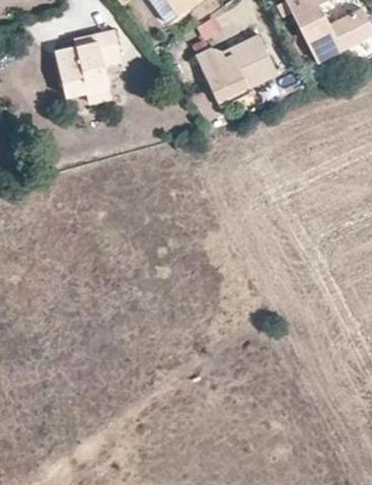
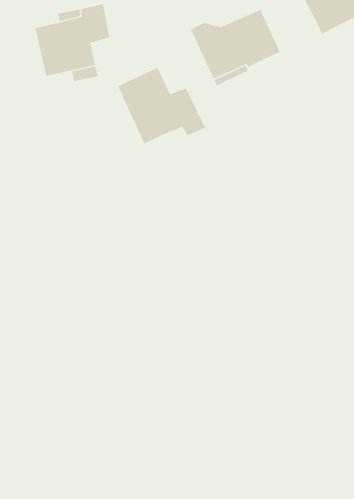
building: none -> [117,67,206,144]

